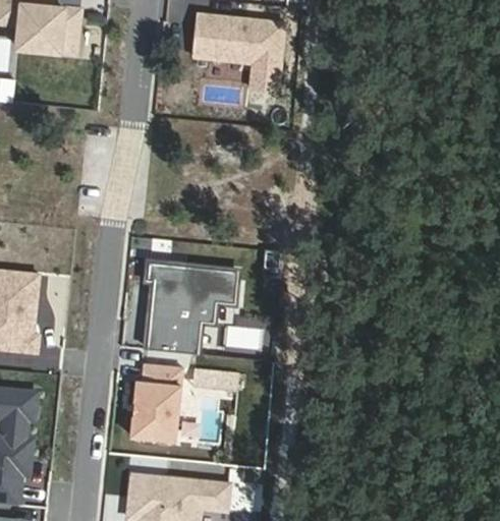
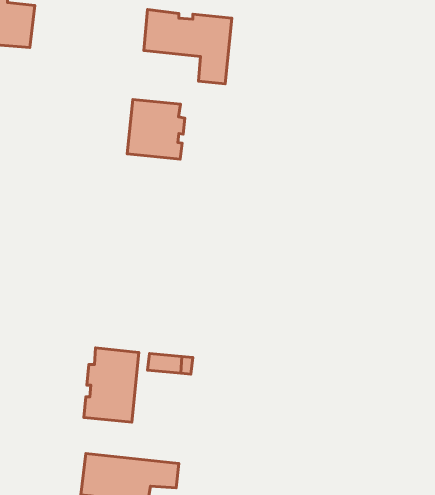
building: none -> [127,100,185,159]
building: [147,260,238,353] -> none

